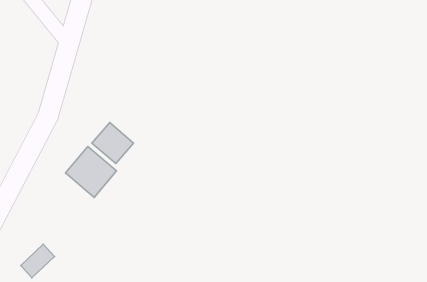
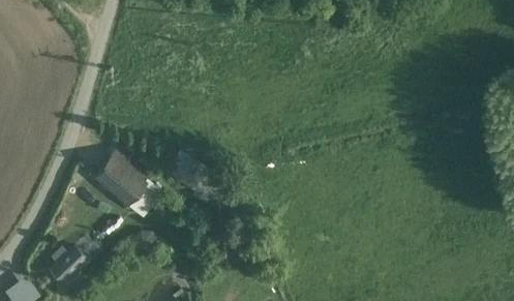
building: [92,123,134,164] -> none

